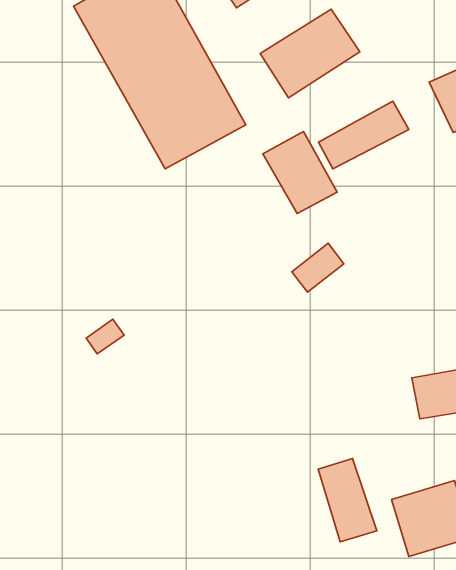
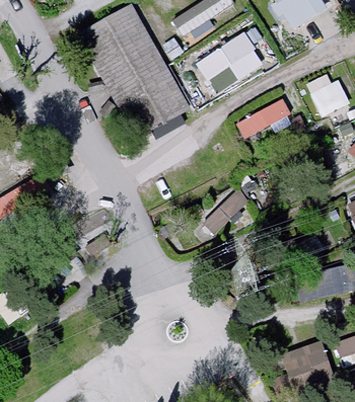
building: [263,131,337,213] -> none
building: [318,458,377,542] -> none

